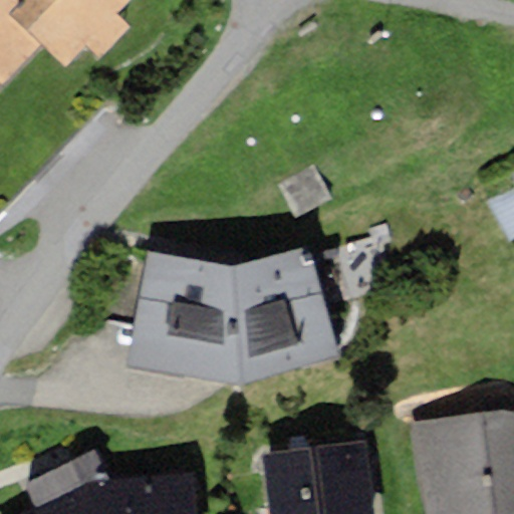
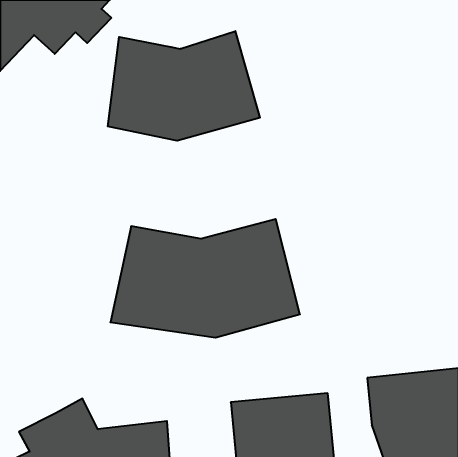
building: none -> [108,31,260,141]

